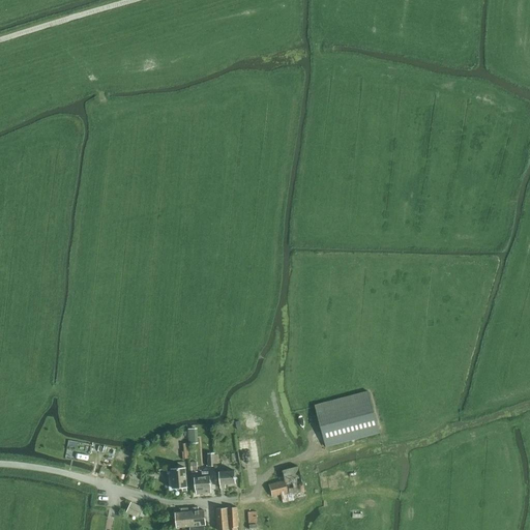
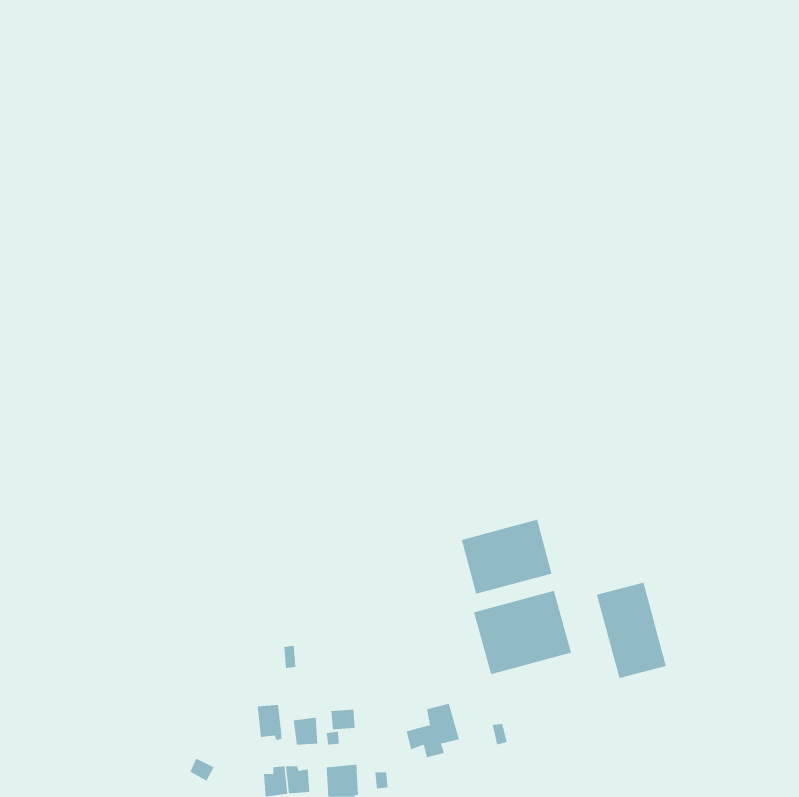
building: none -> [461,519,552,595]
building: none -> [596,582,667,679]

